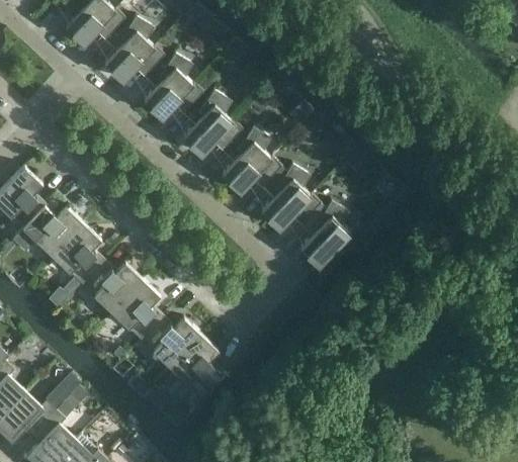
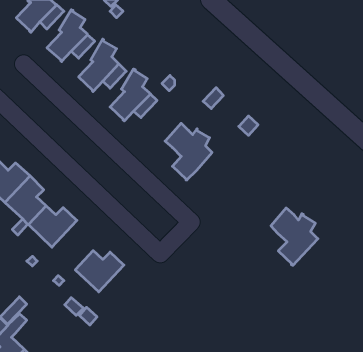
building: [223,128,272,193] -> none
building: [291,195,350,267] -> [271,208,318,265]
building: [110,280,162,342] -> none
building: [169,336,223,398] -> none

